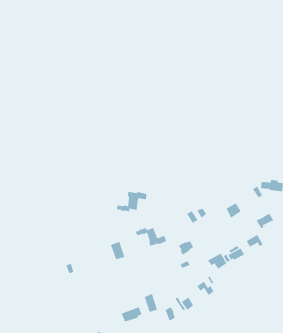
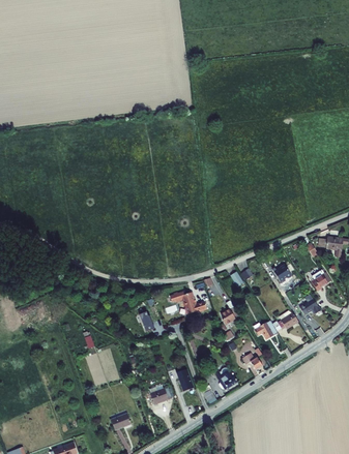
building: [116,191,147,212] -> none

